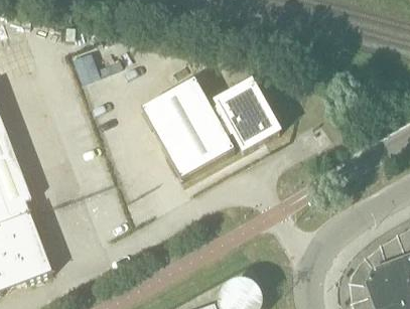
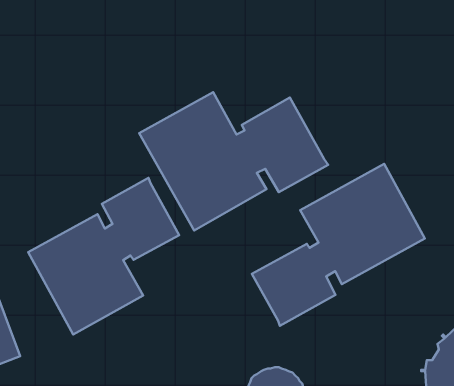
building: none -> [252,164,425,326]
building: none -> [28,178,179,334]

